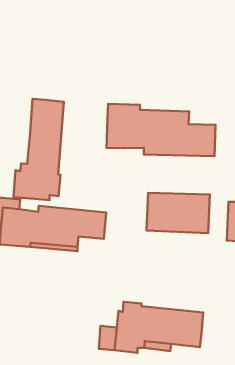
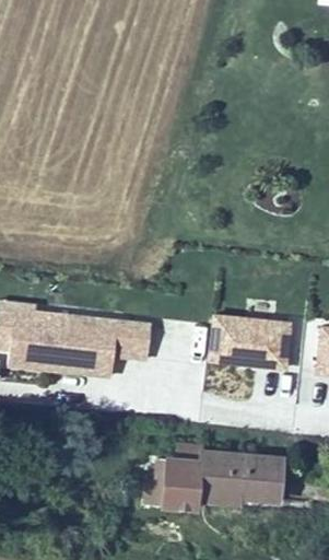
building: [14,99,64,200] -> none
building: [107,104,215,156] -> none

